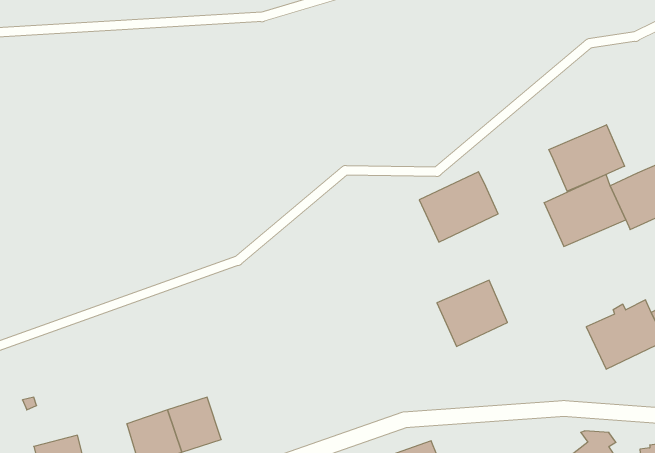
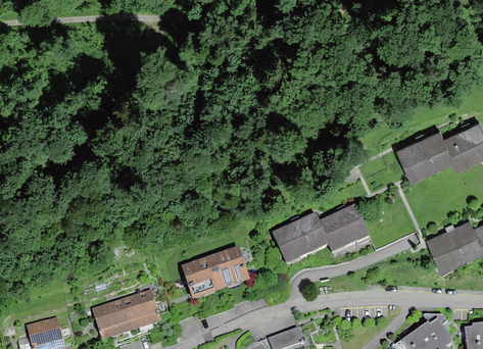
building: [549,125,625,191] -> none
building: [419,172,498,242] -> [271,212,328,263]
building: none -> [181,246,250,299]

